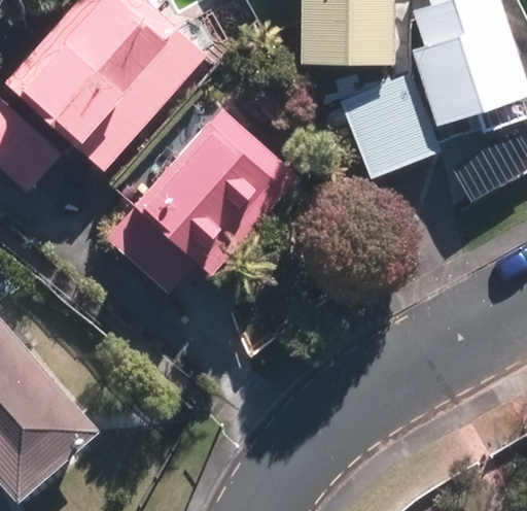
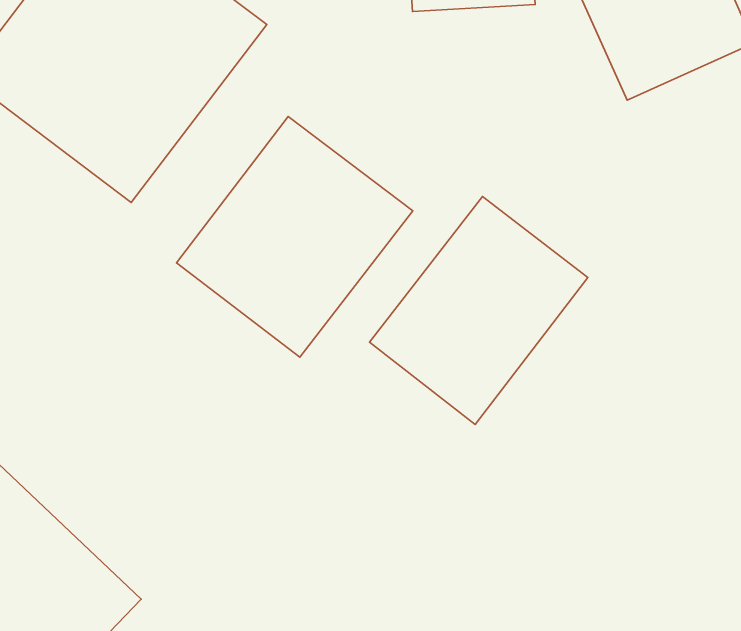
building: [340,78,437,173] -> none
building: none -> [370,197,588,424]

